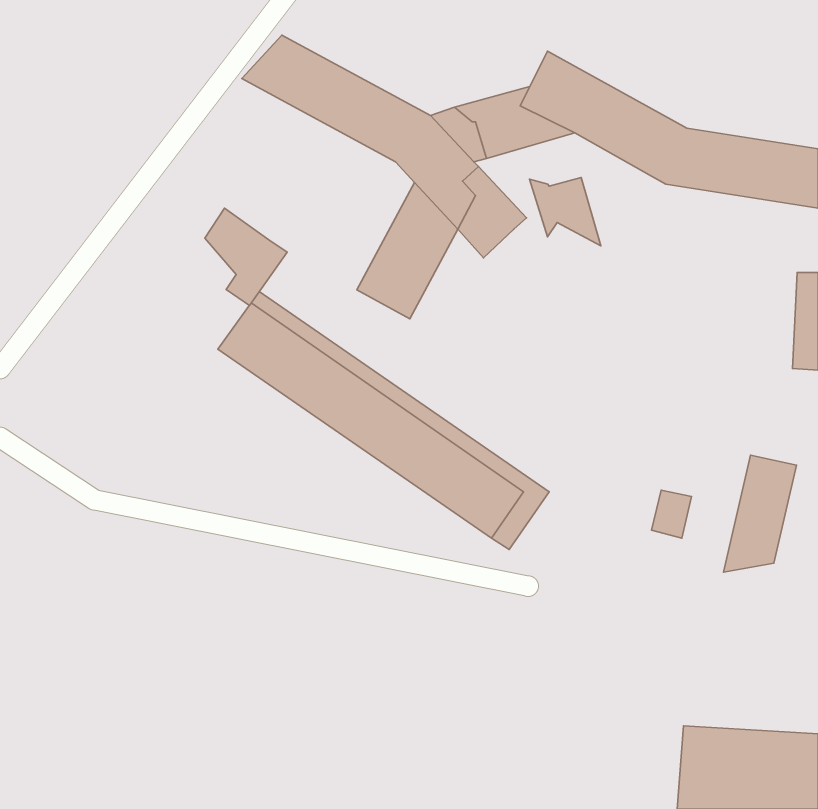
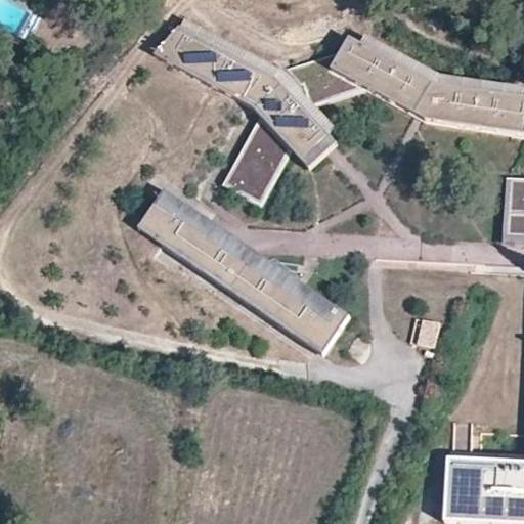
building: [530,177,601,246] -> none
building: [205,208,287,305] -> none
building: [724,455,797,572] -> none

